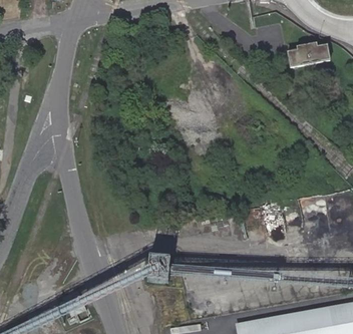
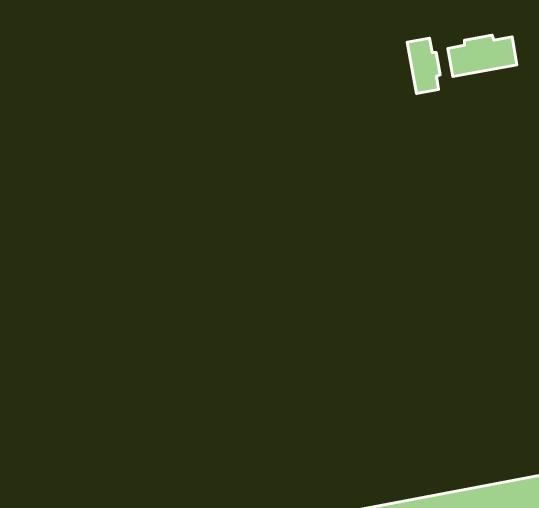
building: none -> [407,38,440,93]

